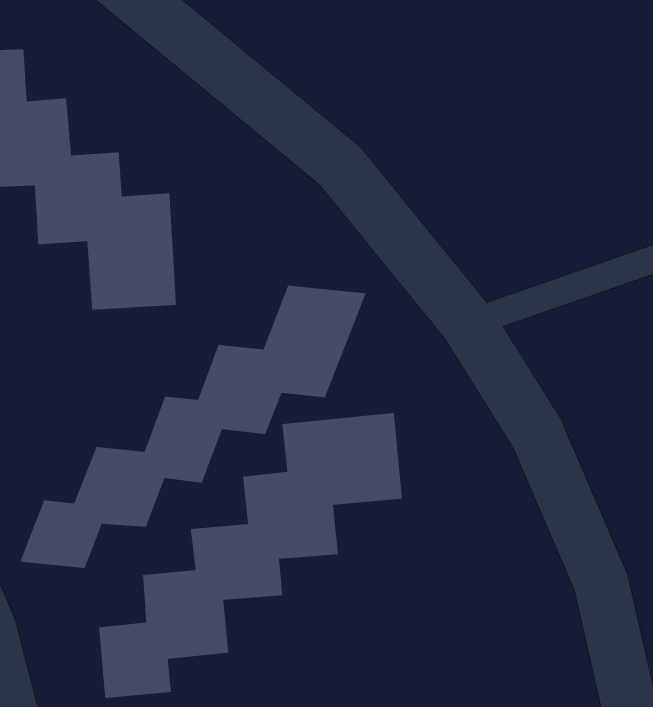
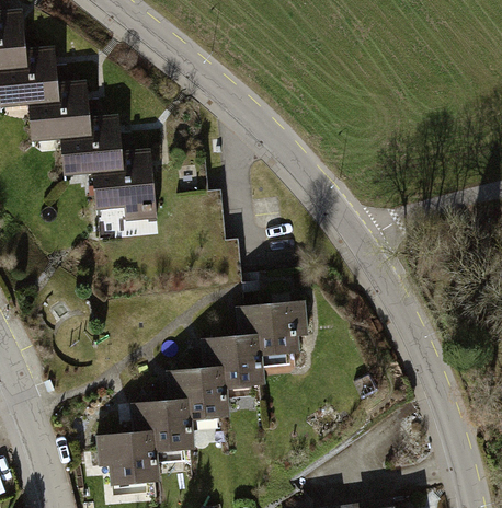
building: [19,285,367,569] -> none

